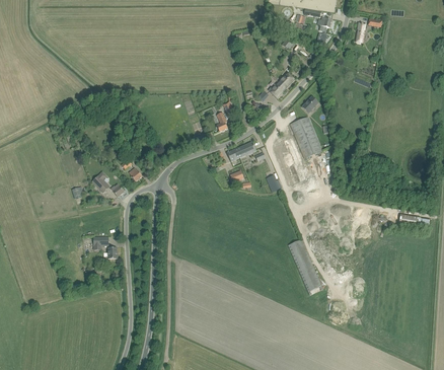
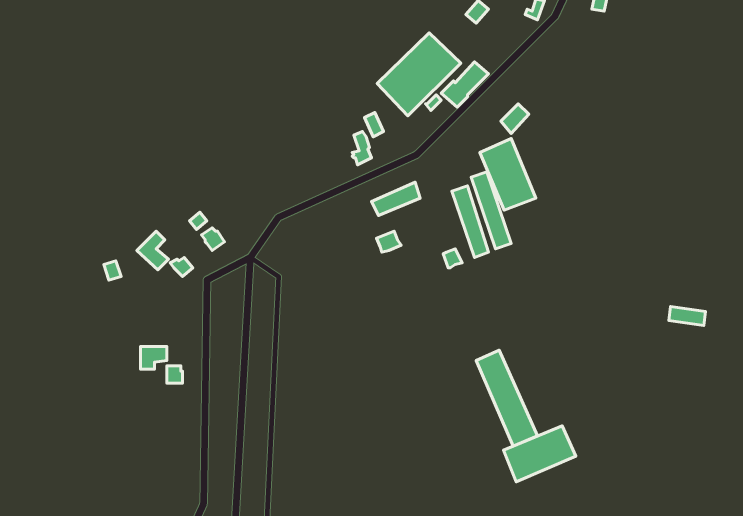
building: none -> [377,33,461,116]
building: none -> [504,426,576,482]

